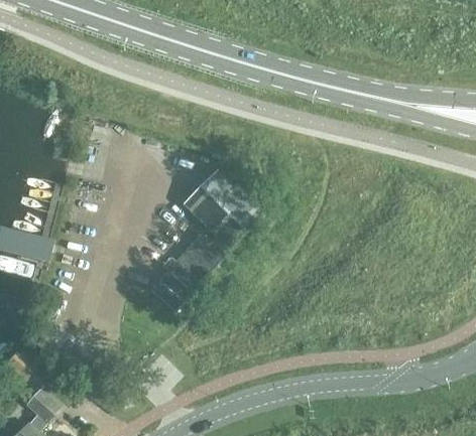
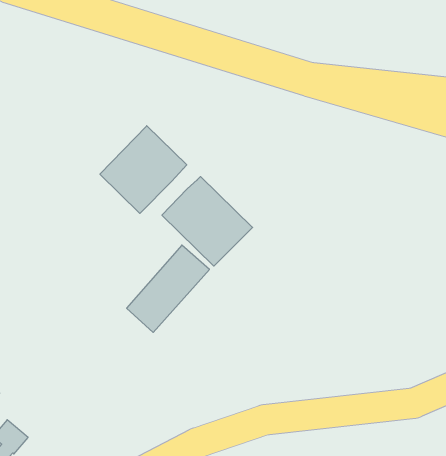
building: none -> [100,126,187,213]

